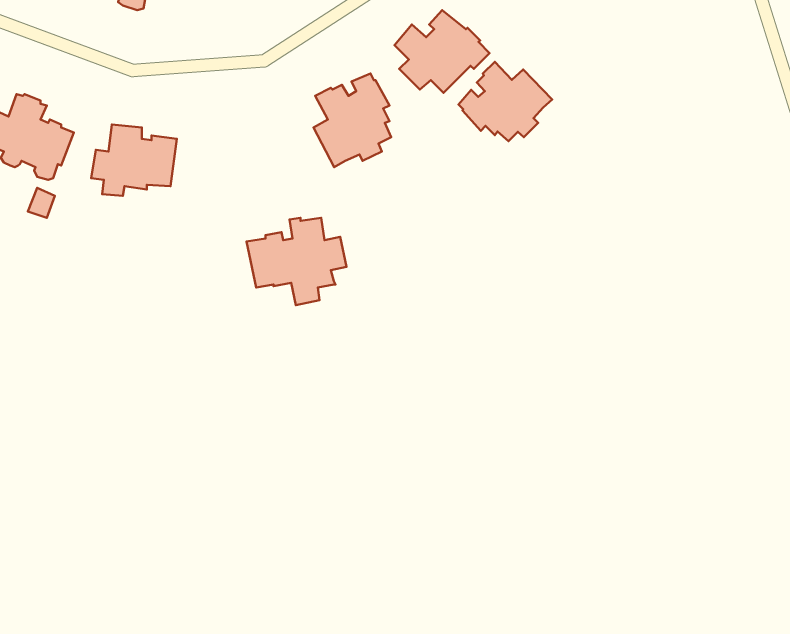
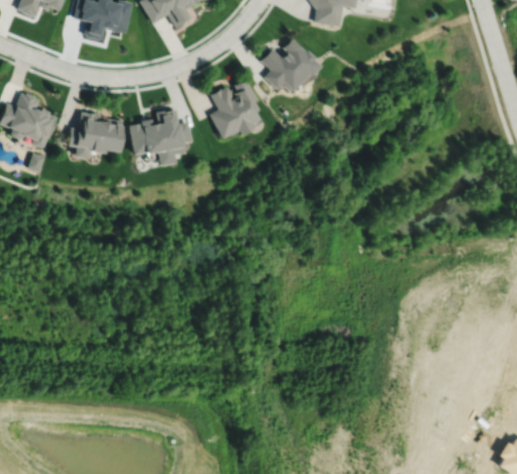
building: [458,62,552,141] -> none
building: [247,218,347,305] -> [129,110,193,166]

